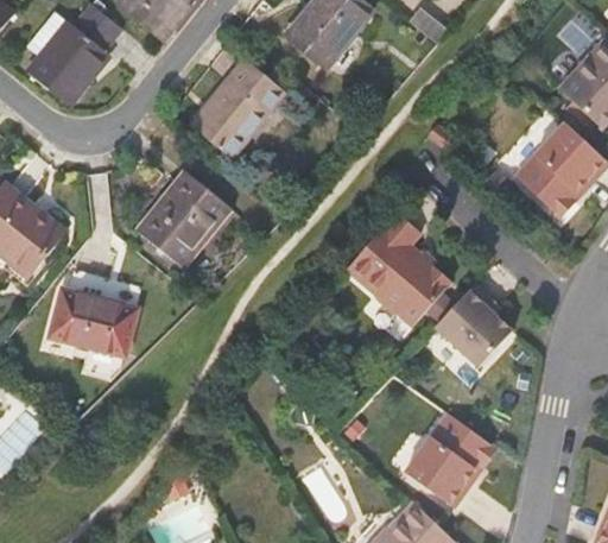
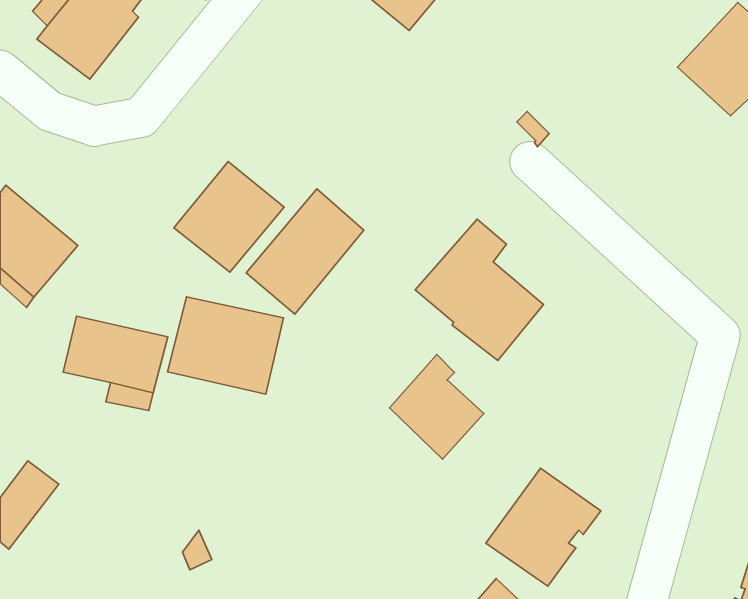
building: [196,52,291,153] -> [246,189,364,314]
building: [506,124,600,219] -> none
building: none -> [167,297,284,394]
building: [428,284,504,368] -> [390,355,484,459]

